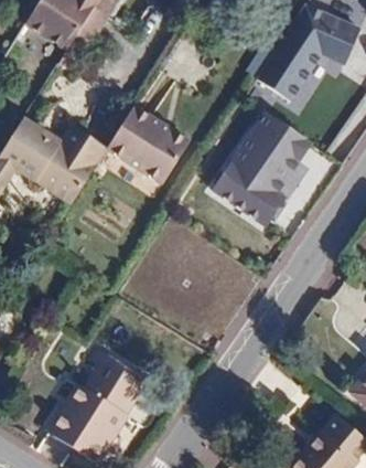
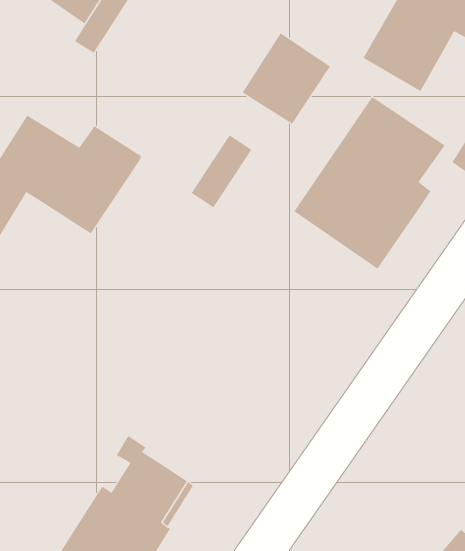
building: [105,106,169,172] -> [242,33,331,125]

